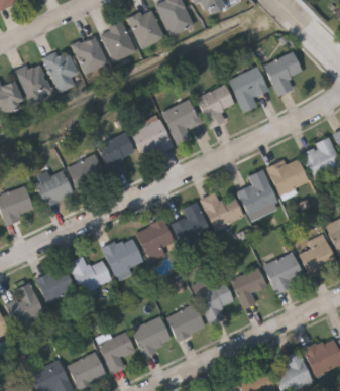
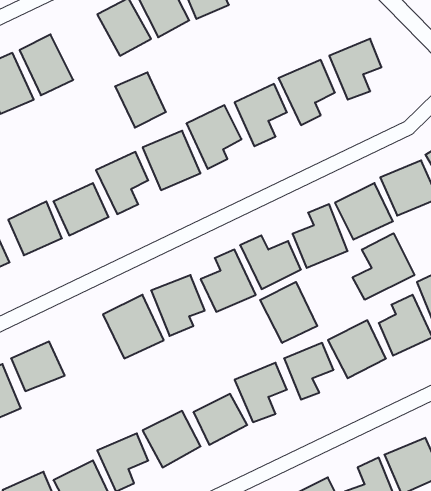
building: [71,36,107,76] -> [115,72,166,128]
building: none -> [353,233,414,300]
building: none -> [260,282,317,343]
building: [69,256,111,293] -> none

